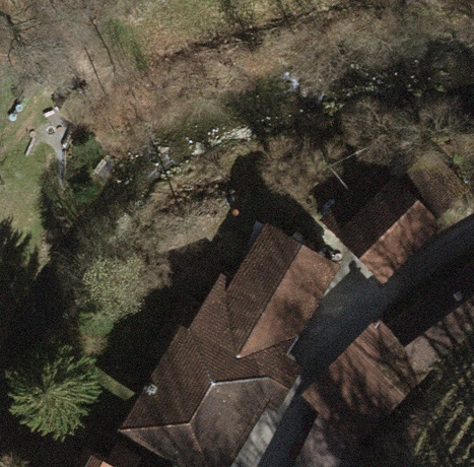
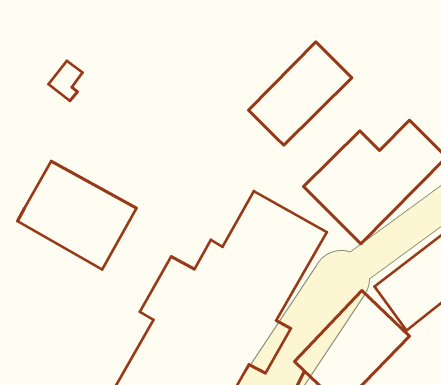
building: none -> [249,42,352,145]
building: none -> [18,161,136,269]

